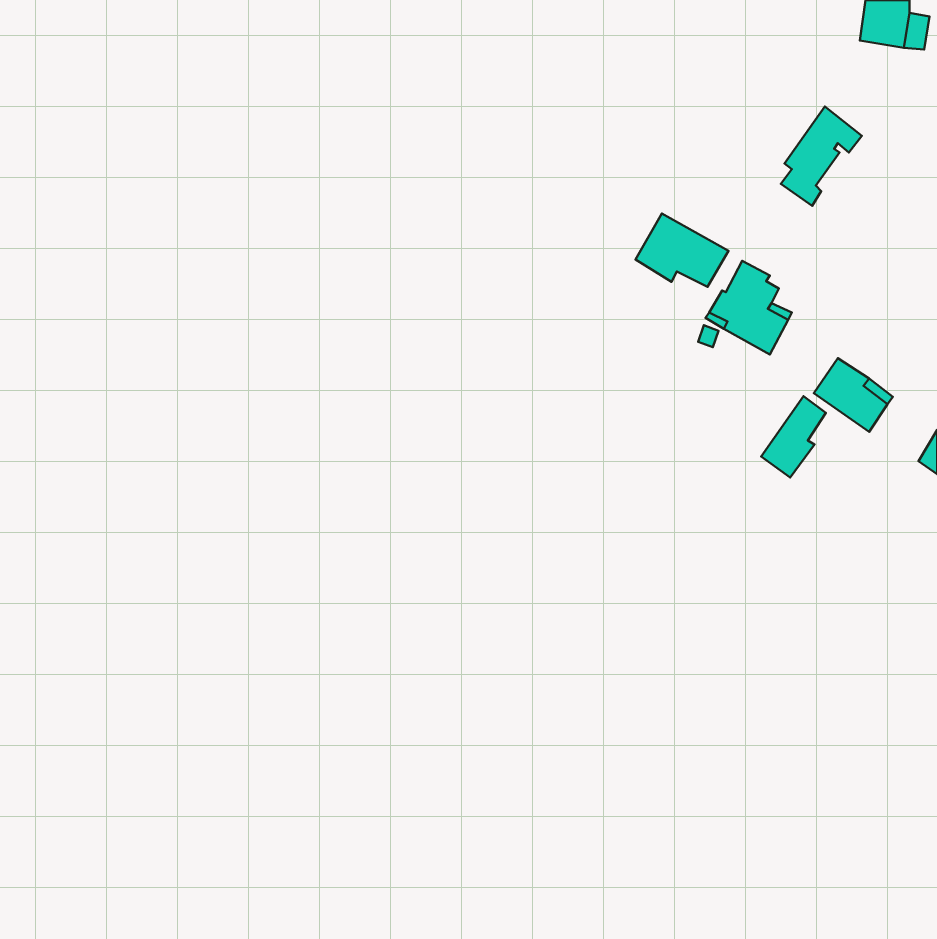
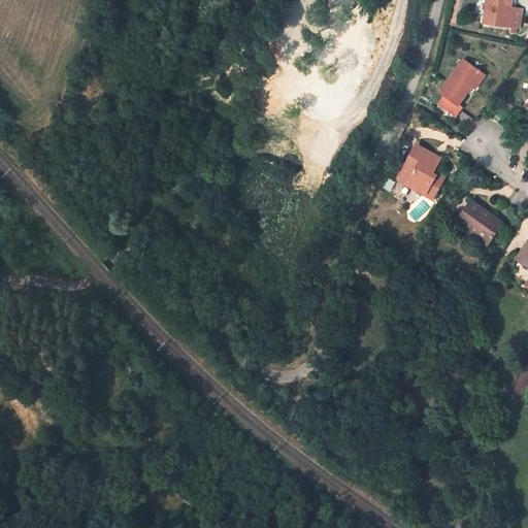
building: [635,213,729,287] -> none
building: [761,396,826,477] -> none

